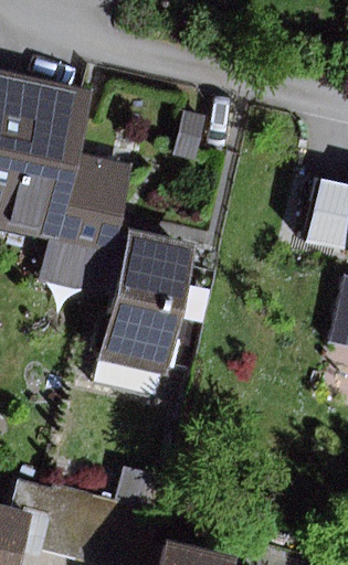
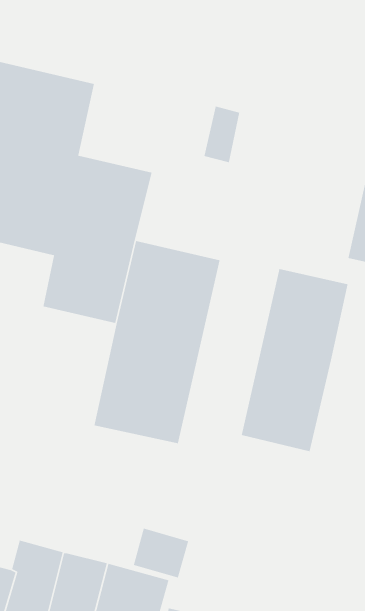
building: none -> [241,268,349,452]

